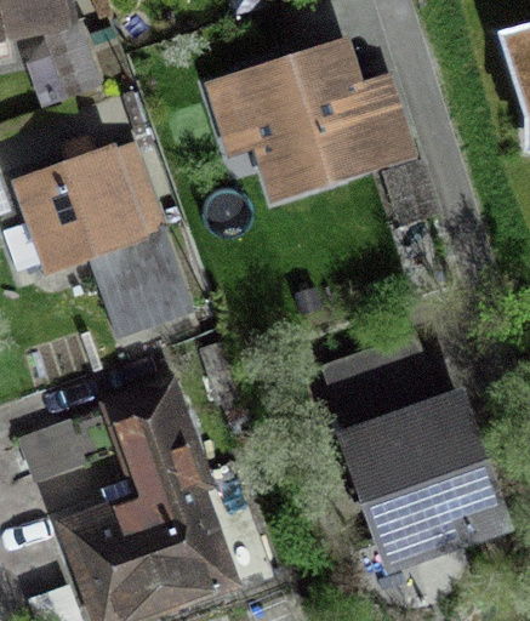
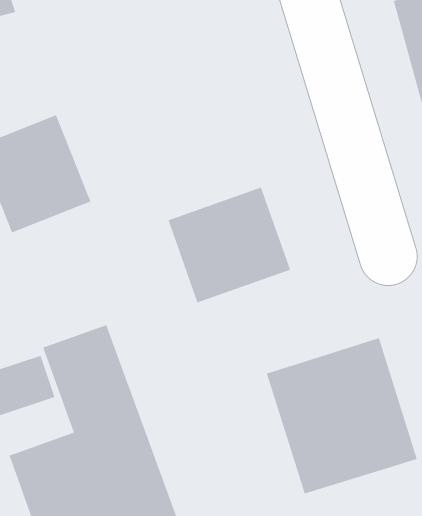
building: [213,45,403,188] -> none
building: none -> [167,186,291,303]

